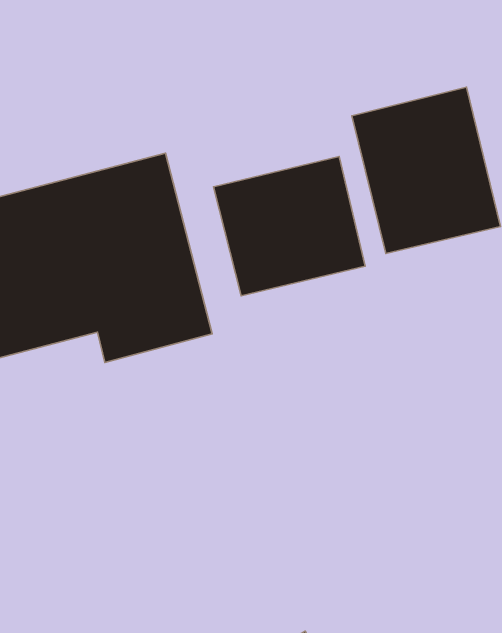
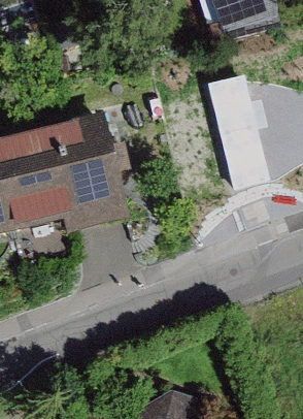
building: [214,156,365,296] -> none

